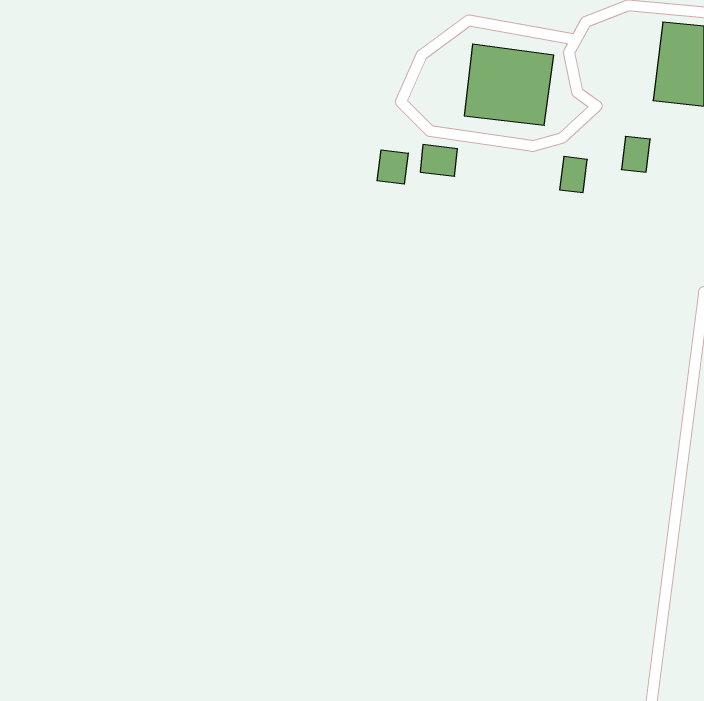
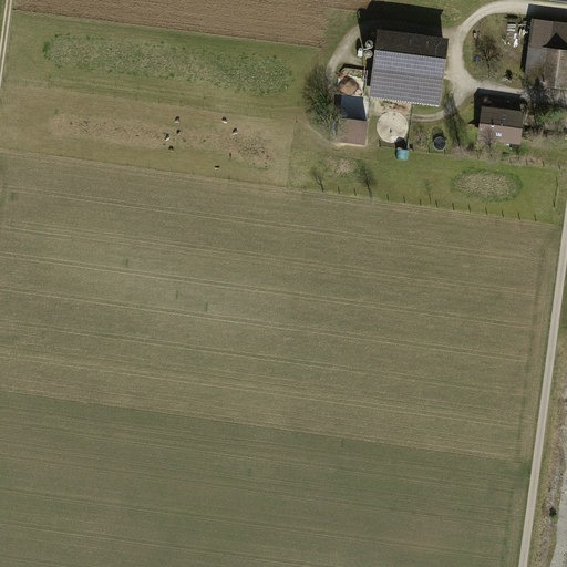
building: [377,150,408,184] -> none
building: [560,157,587,192] -> [481,107,503,136]

